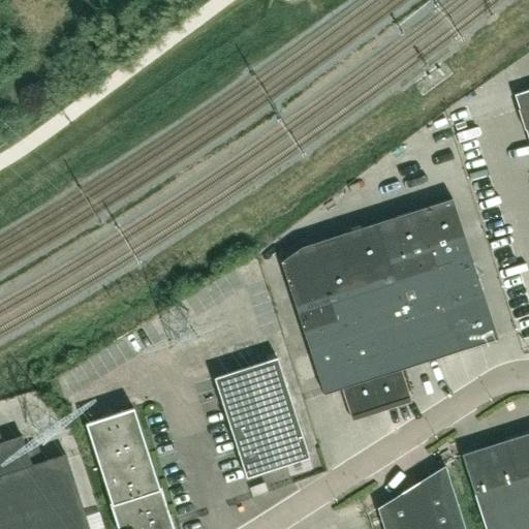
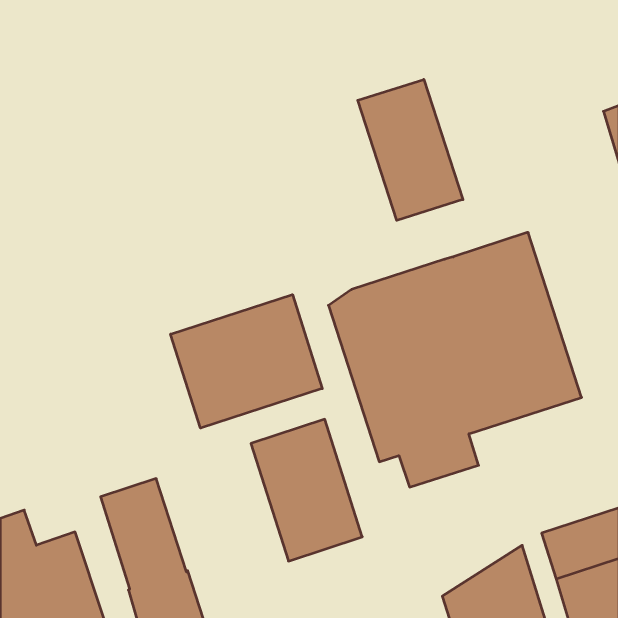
building: none -> [358,79,463,220]
building: none -> [171,295,322,428]

